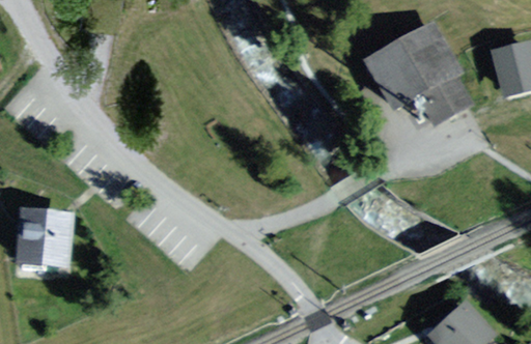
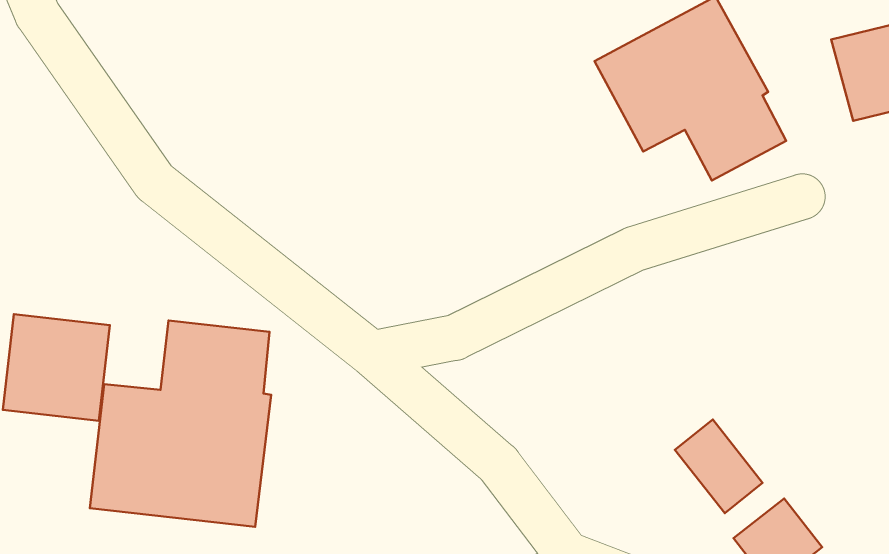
building: none -> [90,320,271,527]
building: none -> [675,420,763,513]

